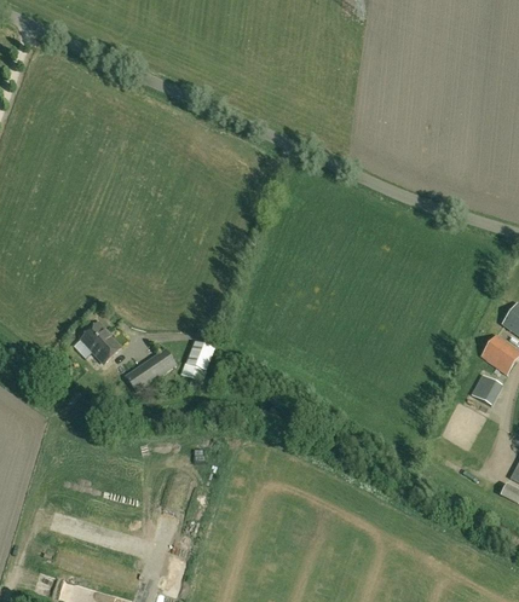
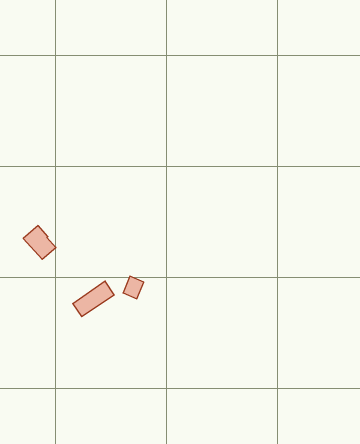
building: [80,322,120,363] -> [23,226,56,259]

